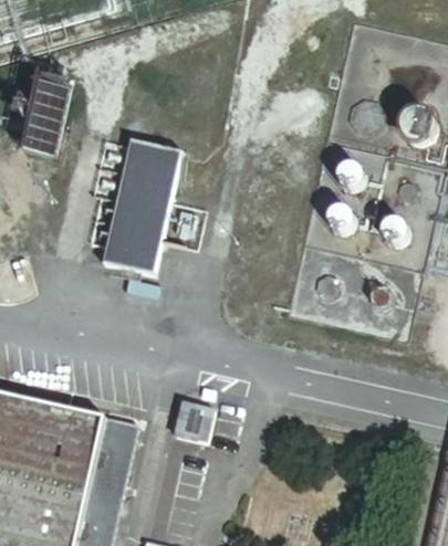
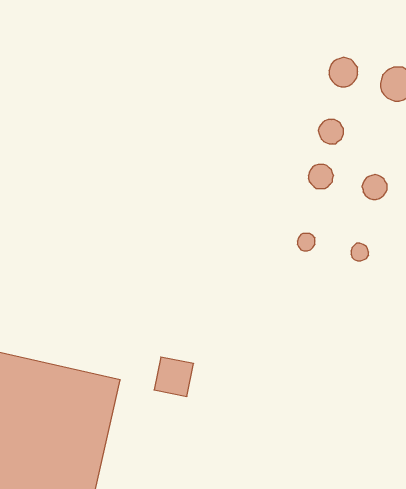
building: [22,87,72,161] -> none
building: [102,139,181,275] -> none

